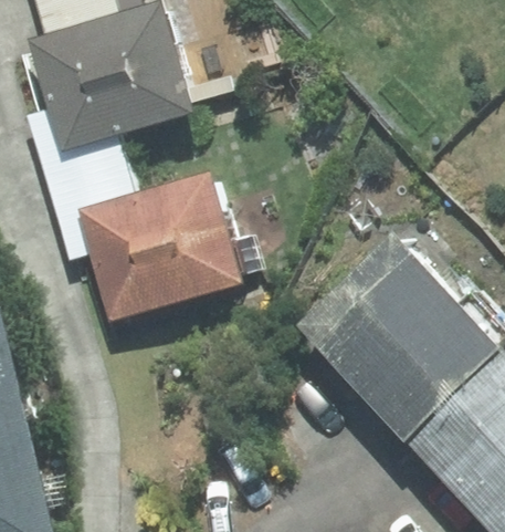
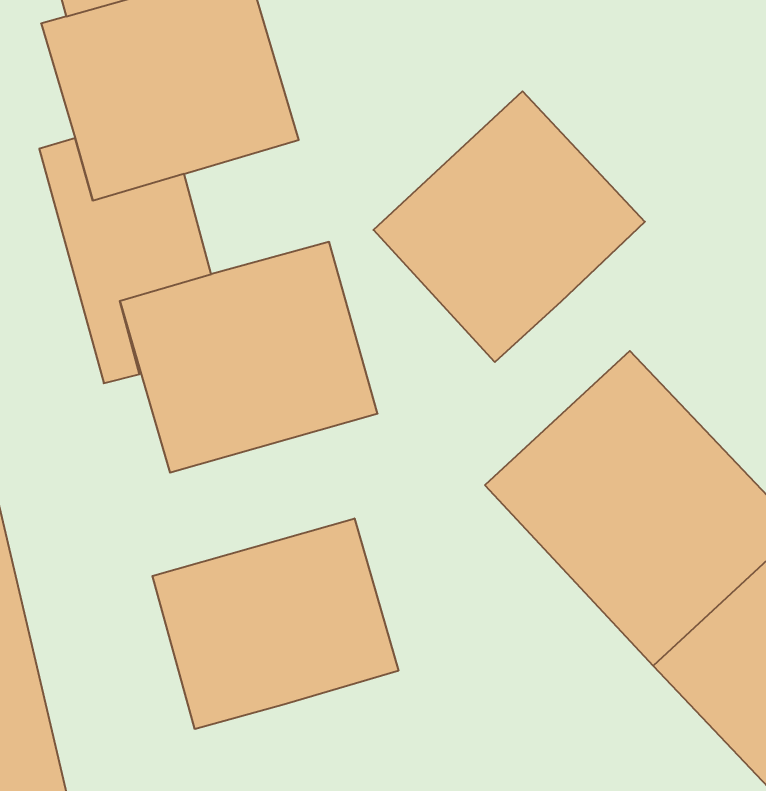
building: none -> [373,91,645,362]
building: none -> [152,518,398,729]

